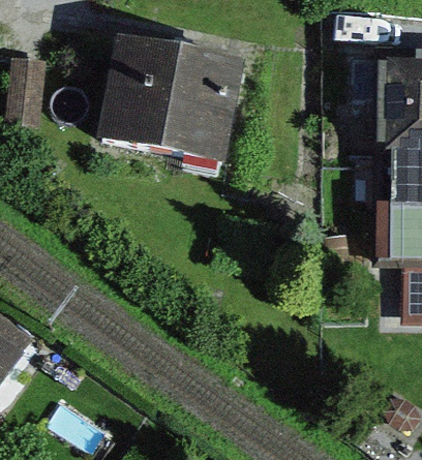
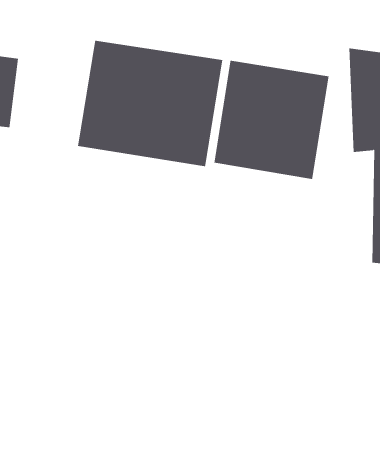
building: none -> [214,60,329,180]

